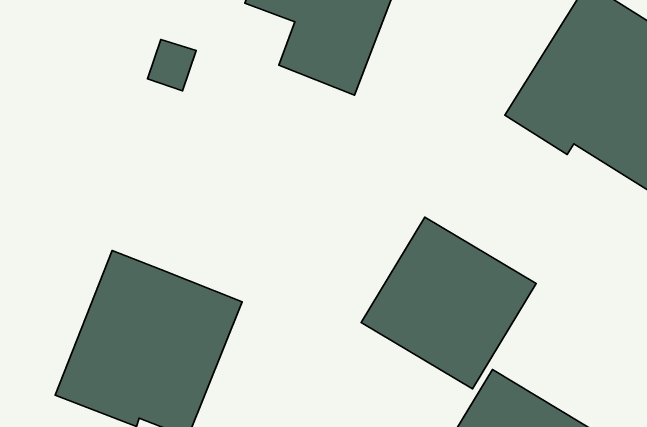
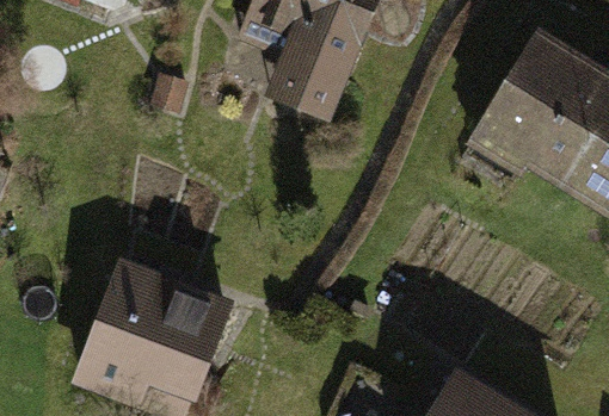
building: [361,217,536,389] -> none

